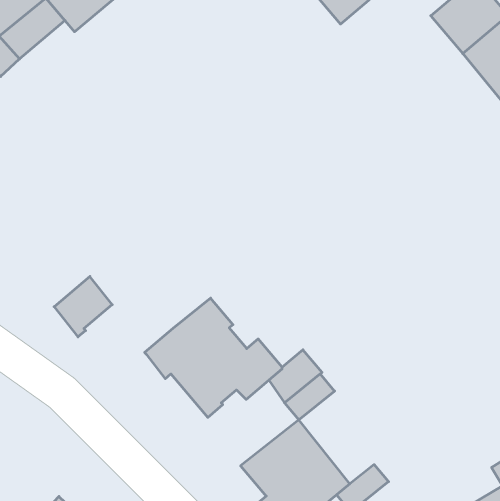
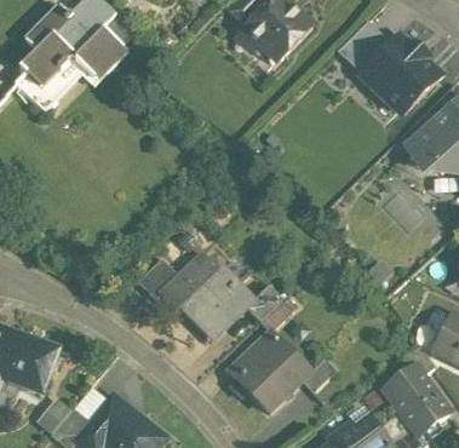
building: [54,276,112,337] -> [138,258,178,300]

